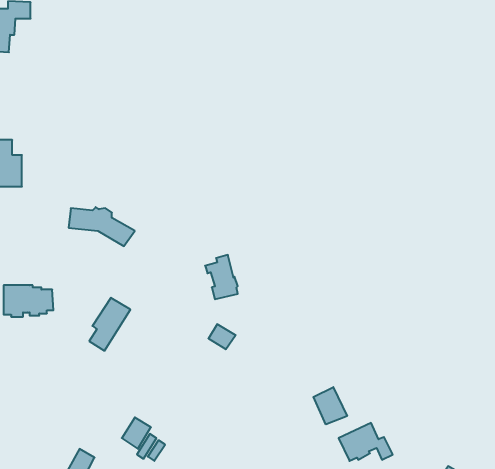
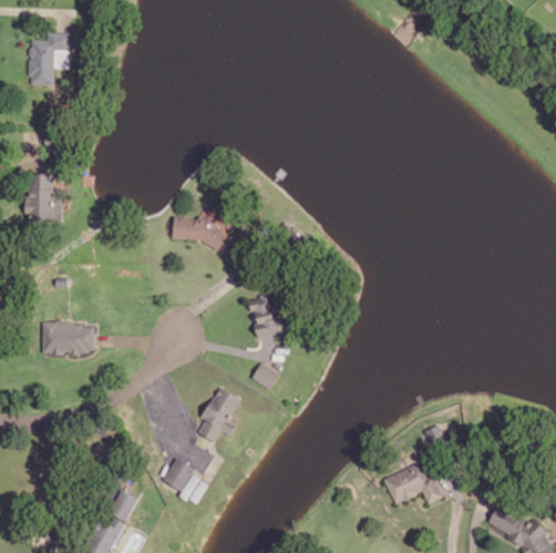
building: [69,207,135,246] -> [172,216,239,256]
building: [89,298,130,351] -> [197,387,239,441]
building: [313,387,347,424] -> none

